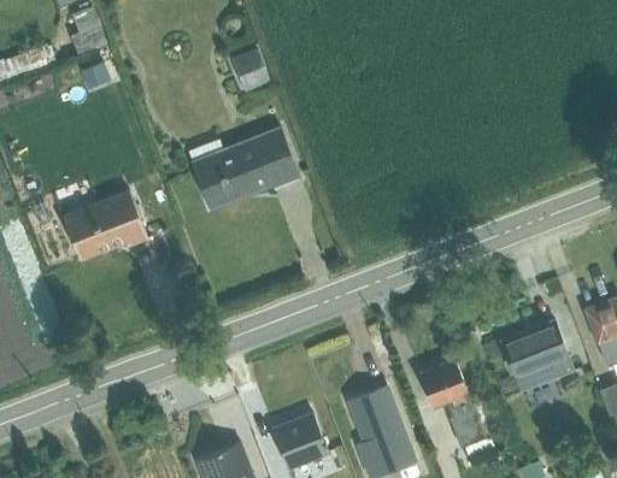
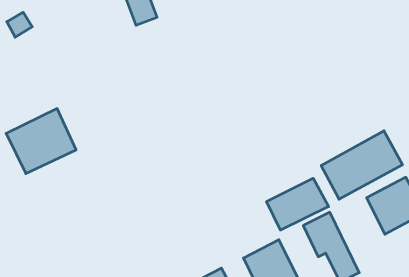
building: [190,129,300,214] -> none
building: none -> [321,131,402,199]
building: none -> [267,178,329,230]

